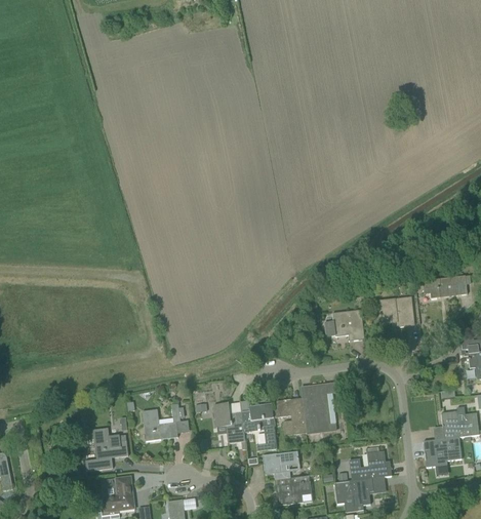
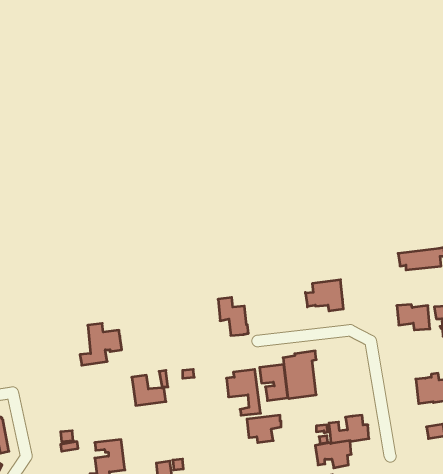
building: [378,298,413,325] -> [397,305,430,330]
building: [213,402,245,442] -> [218,297,248,335]
building: [84,427,128,471] -> [80,323,122,365]
building: [423,436,460,466] -> none
building: [274,475,311,505] -> none

